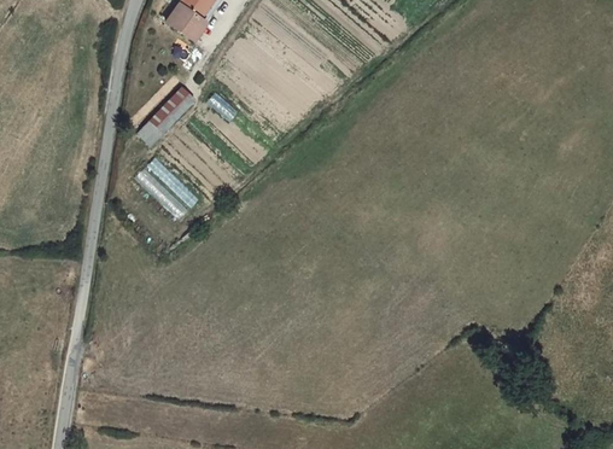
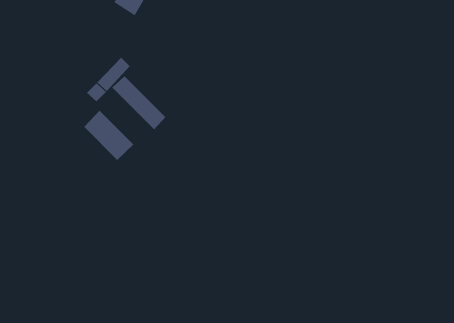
building: none -> [111,76,166,130]

